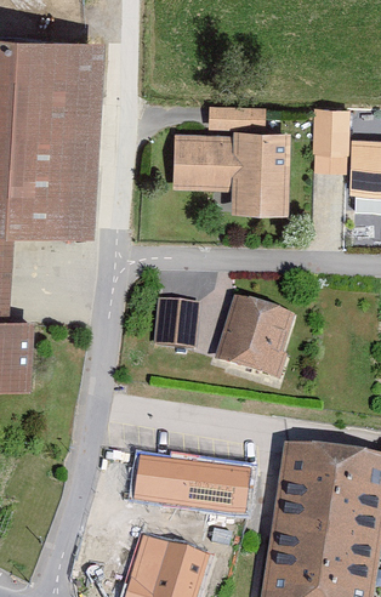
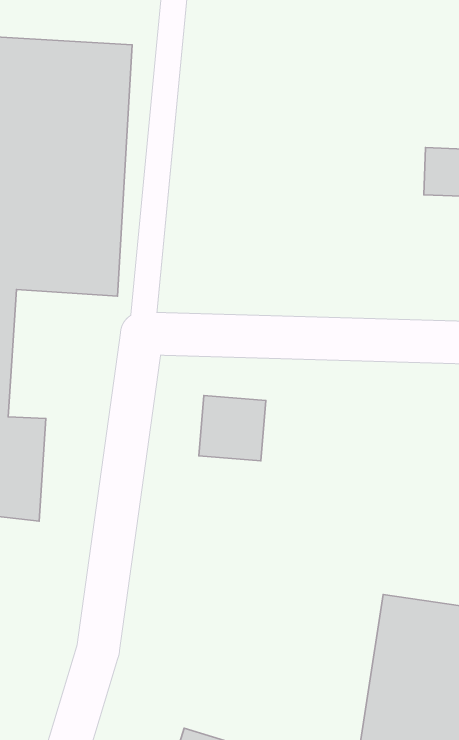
building: [177,107,286,215] -> none
building: [209,295,297,382] -> none
building: [133,451,250,511] -> none

